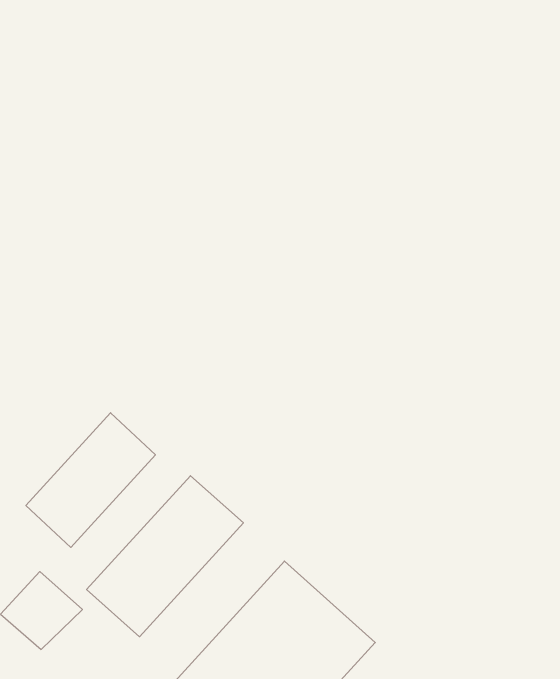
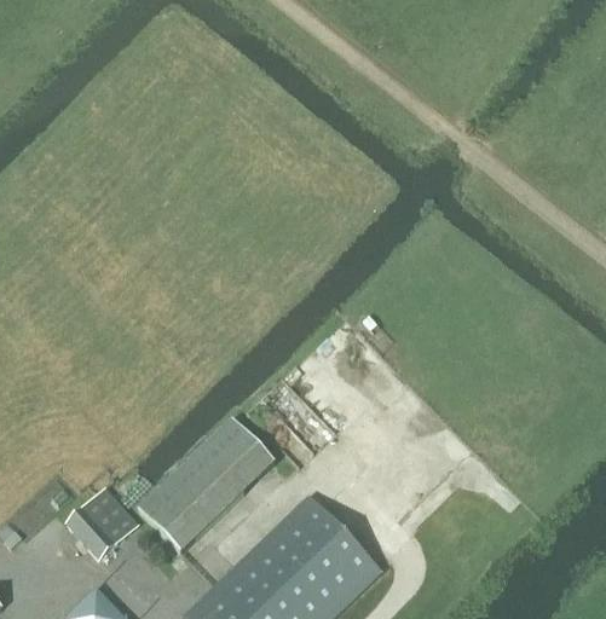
building: [26,413,155,547] -> none

